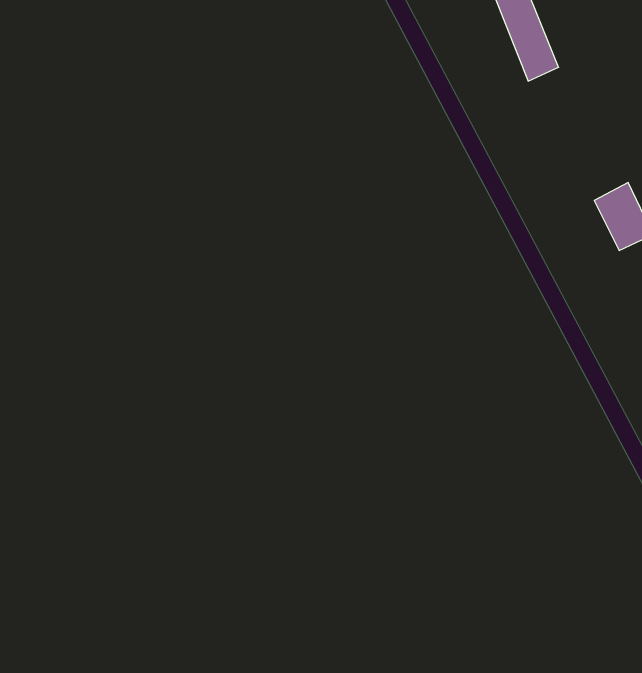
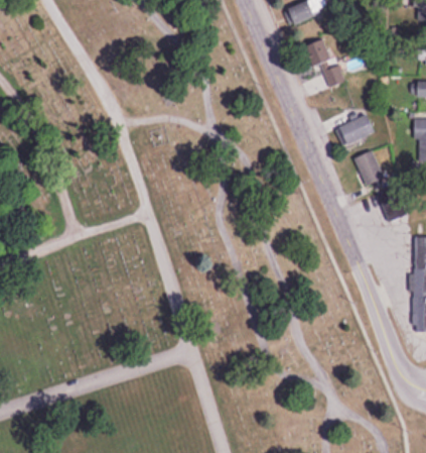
building: none -> [335,114,376,147]

